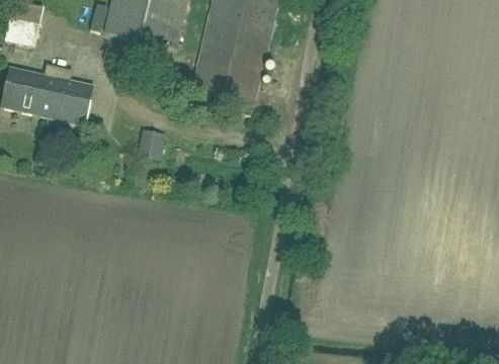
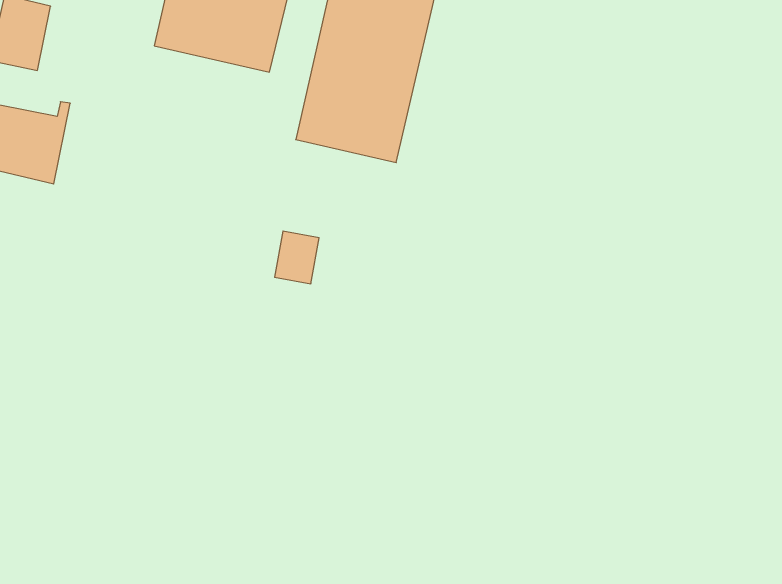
building: [44,65,94,123] -> none
building: [137,127,164,160] -> [275,231,319,284]

